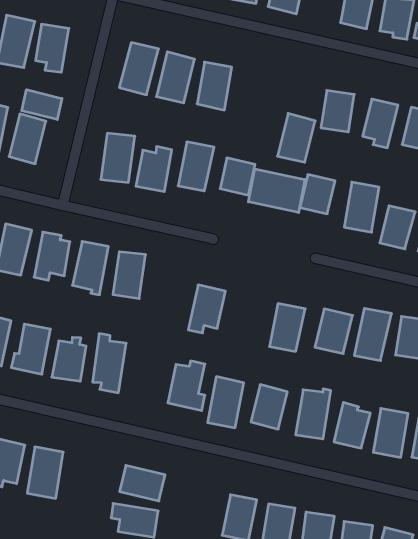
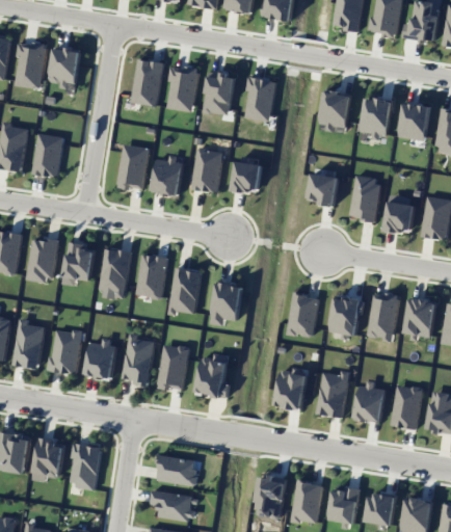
building: [22,90,62,120] -> none
building: [277,113,315,162] -> [244,76,277,121]
building: [248,169,305,213] -> none
building: none -> [169,267,202,314]
building: [208,377,244,428] -> [158,343,189,390]

